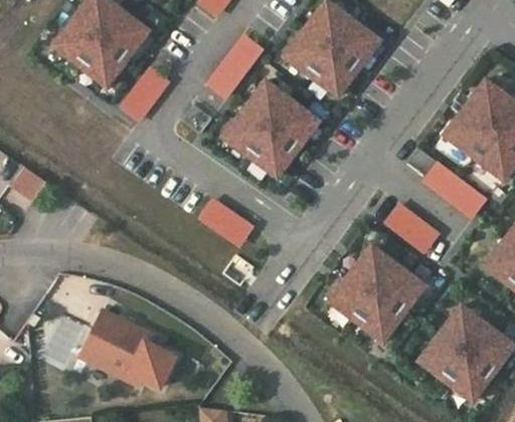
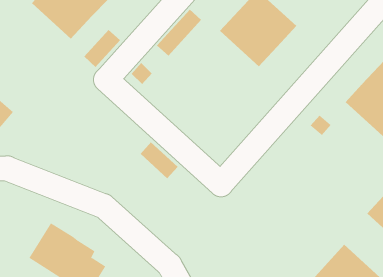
building: [223,85,317,179] -> none
building: [423,162,484,214] -> none
building: [386,205,435,248] -> none
building: [327,242,422,339] -> none

